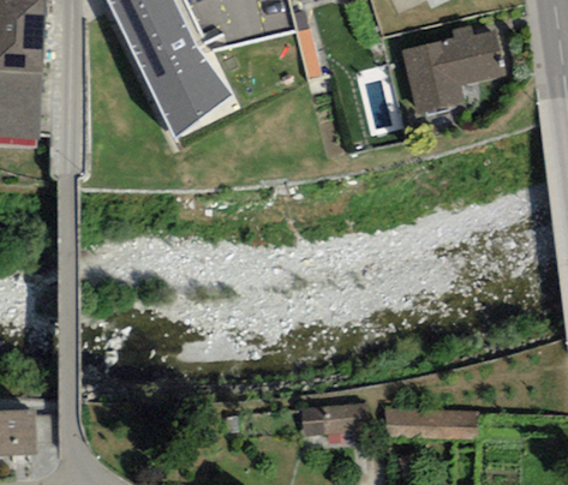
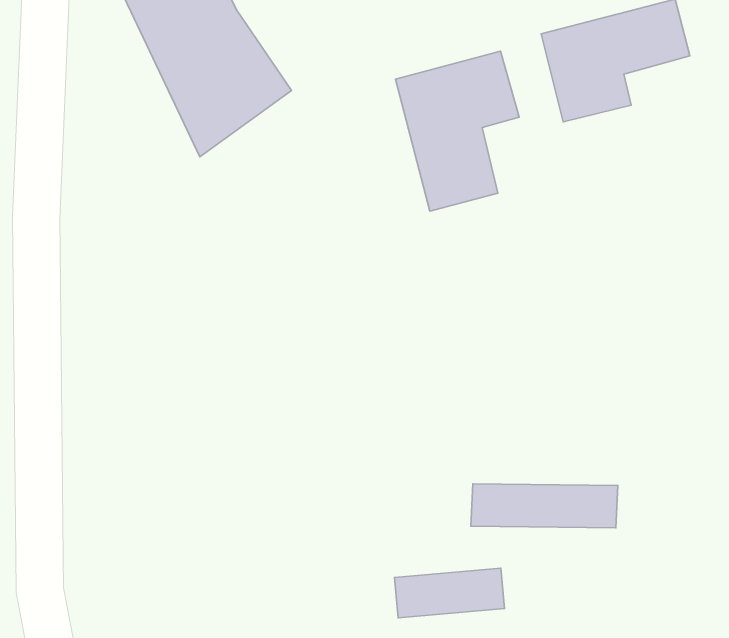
building: none -> [396,51,519,211]
building: [381,408,477,437] -> [471,484,618,528]

